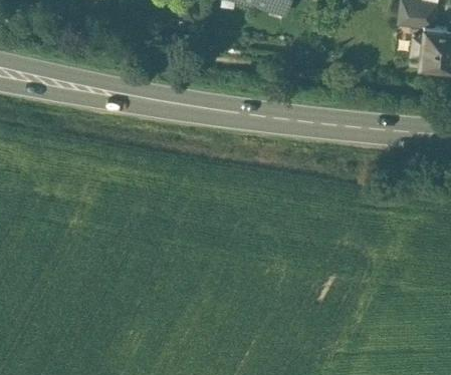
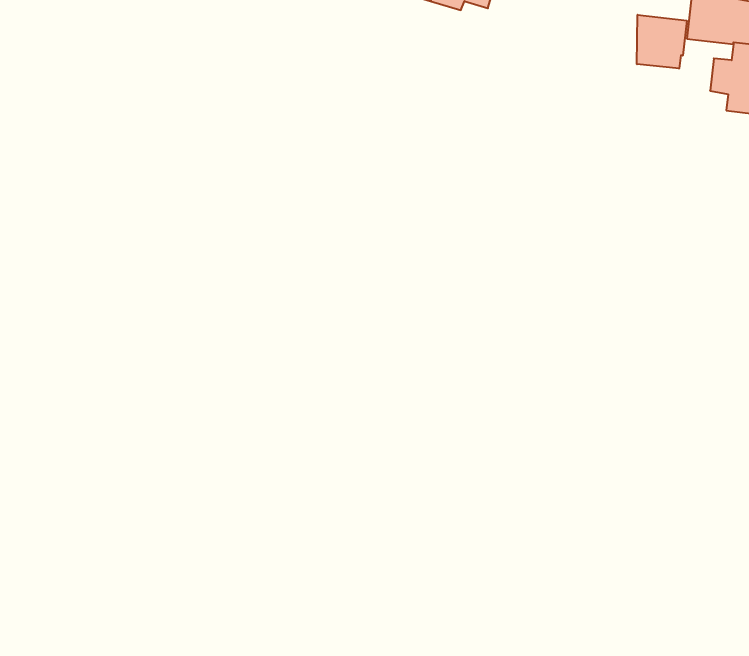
building: none -> [637,15,687,69]

